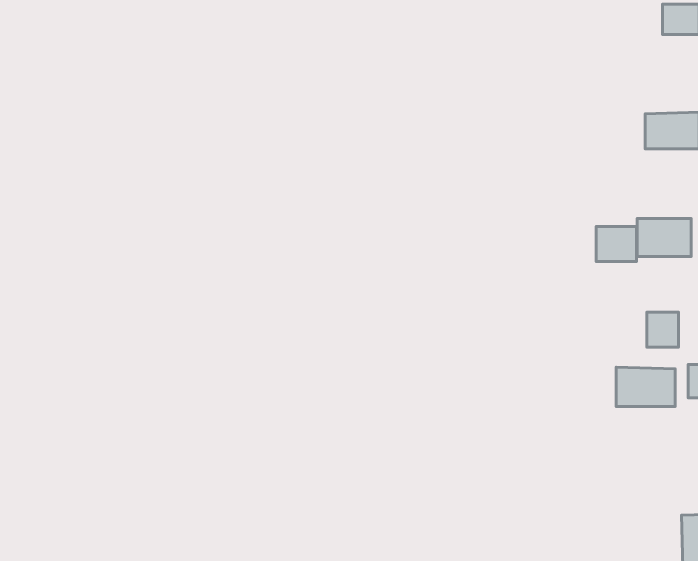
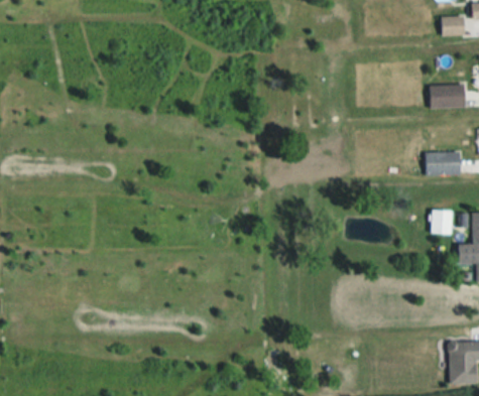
building: [596,227,637,262] -> none
building: [616,367,675,407] -> none

